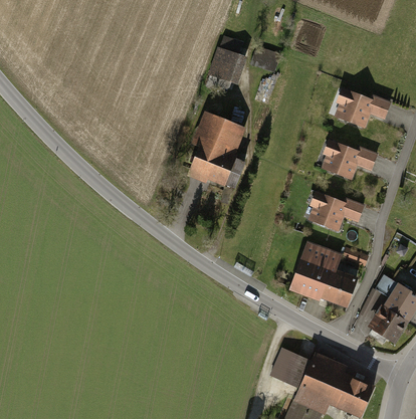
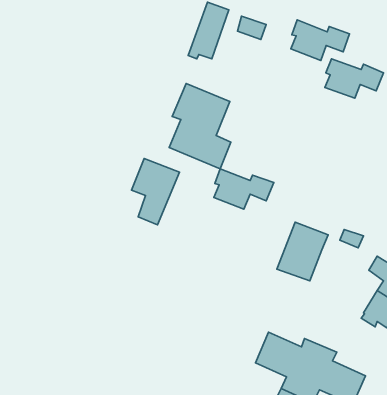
building: [320,141,375,179] -> [291,20,350,61]
building: none -> [131,158,179,225]
building: [306,191,363,229] -> [214,169,274,209]
building: [321,268,357,307] -> none

